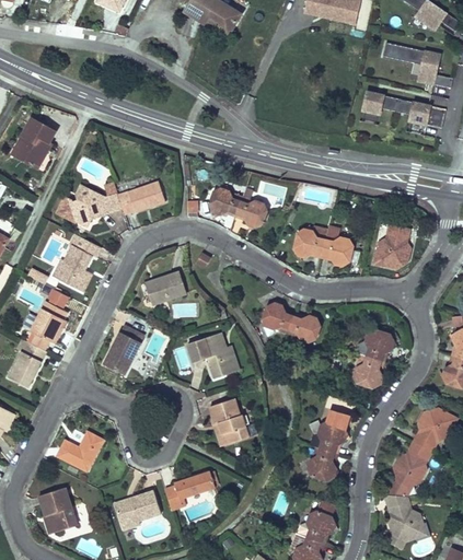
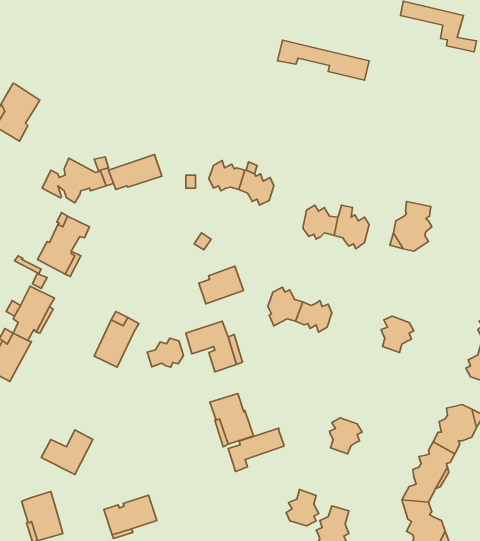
building: [361,92,444,128] -> [278,40,369,80]
building: [146,271,186,305] -> [199,266,243,304]
building: none -> [147,338,184,367]
building: [352,355,382,388] -> none
building: [306,447,336,480] -> [286,489,319,526]
building: [164,470,215,510] -> [228,428,284,471]

